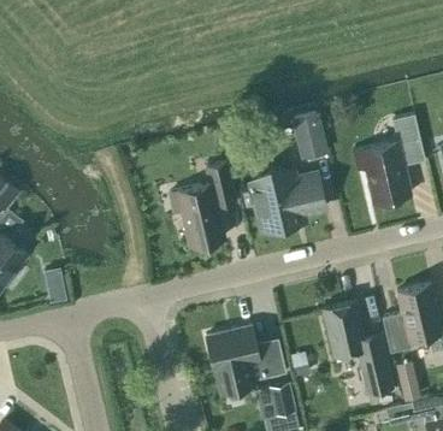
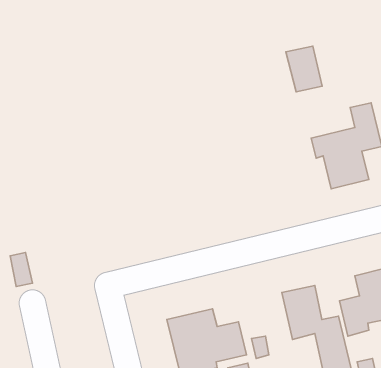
building: [291,113,329,160] -> [286,46,322,92]
building: [169,163,235,247] -> none
building: [253,170,324,230] -> none

